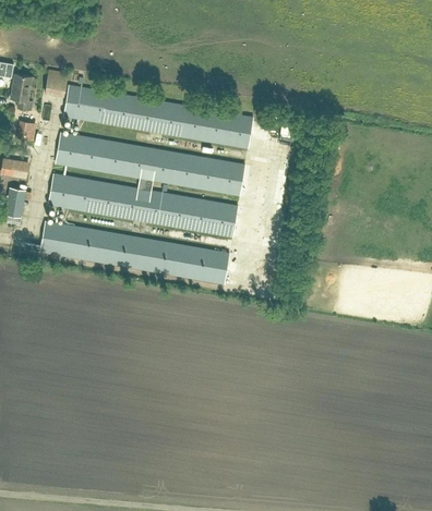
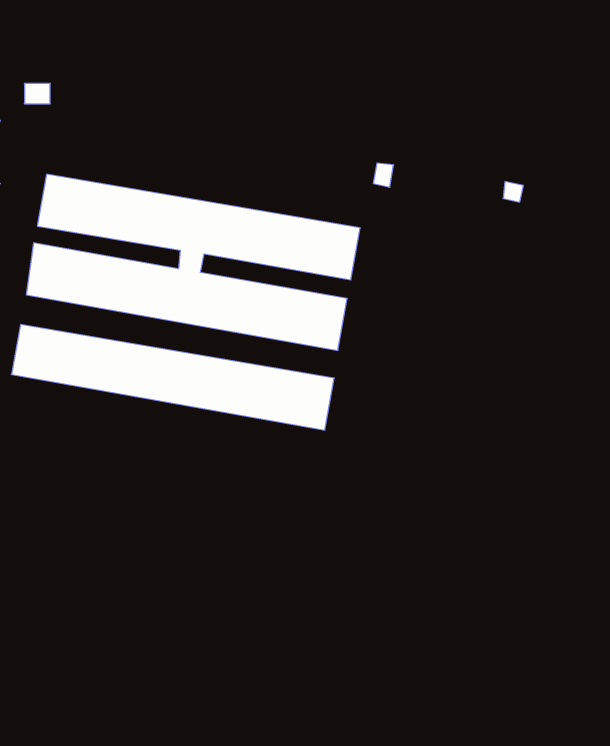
building: [63,84,253,148] -> none

